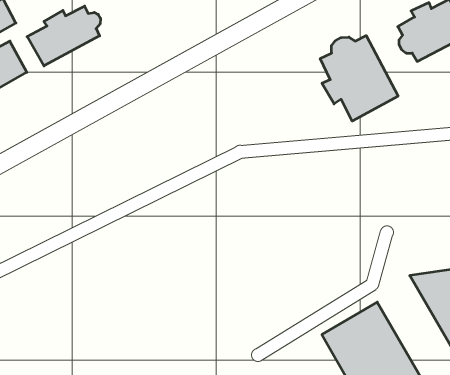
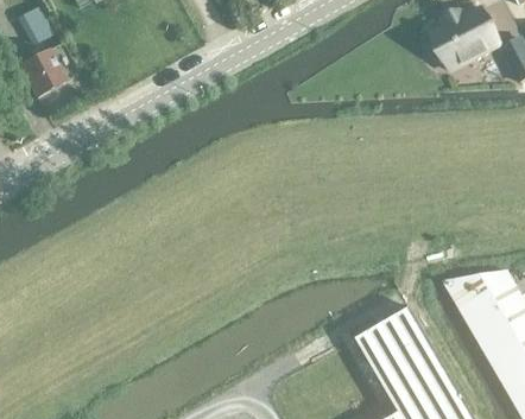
building: [27,6,101,66] -> none
building: [320,36,398,121] -> none

